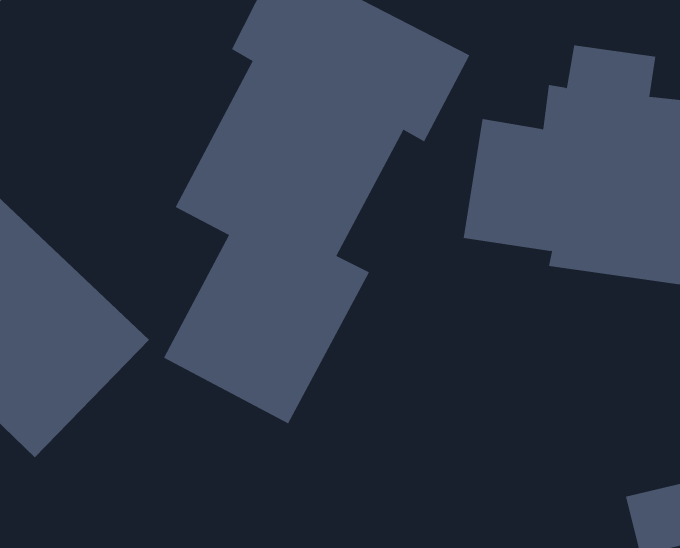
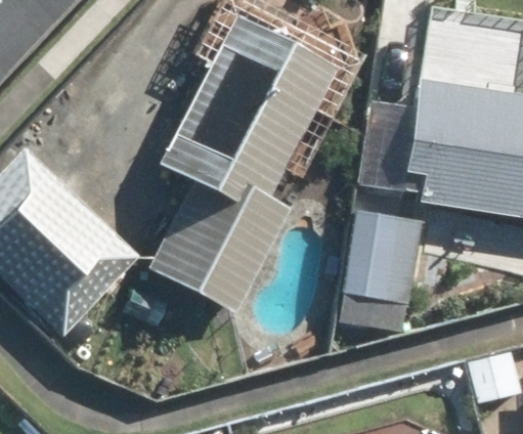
building: none -> [339,211,422,333]

